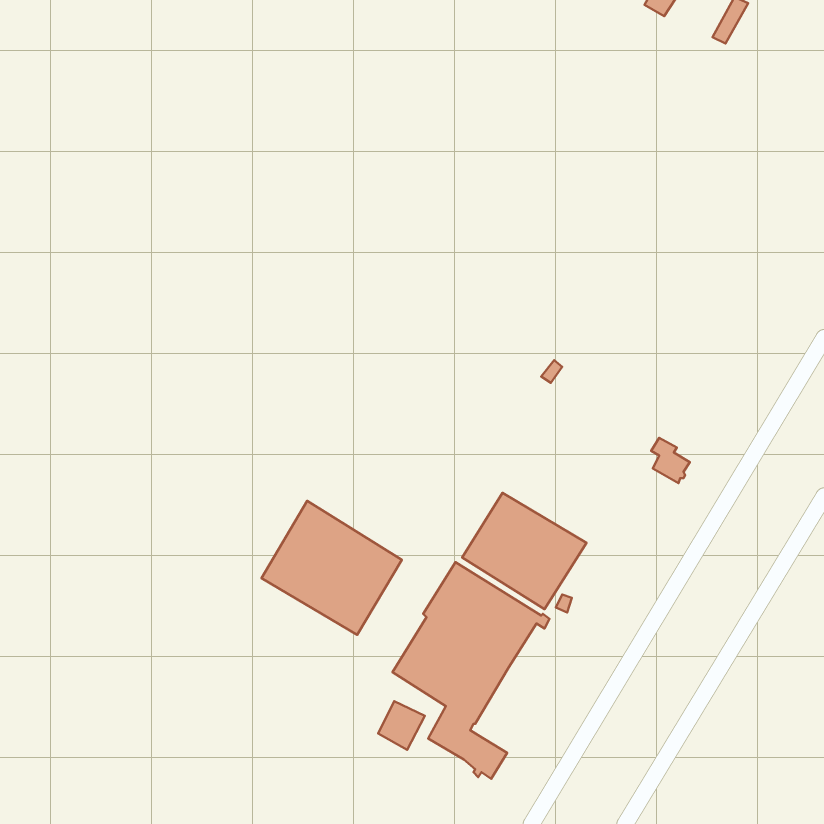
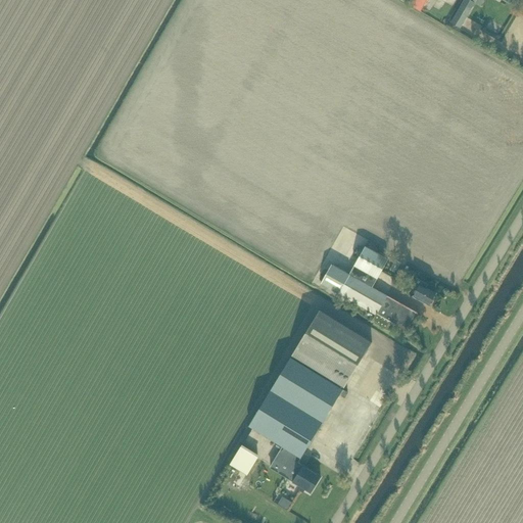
building: none -> [320,245,418,330]
building: [262,501,402,635] -> none

